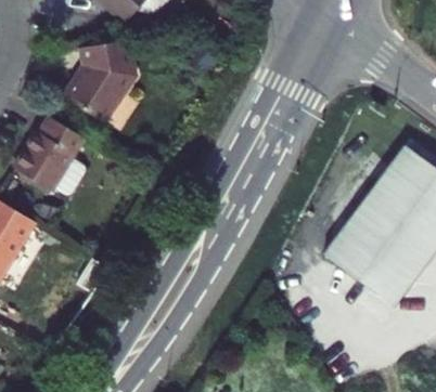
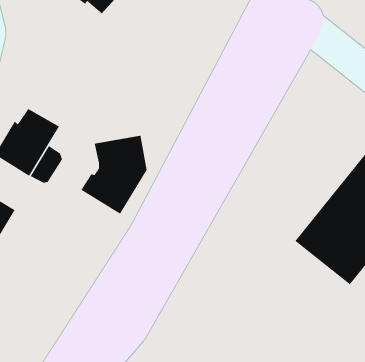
building: [59,39,129,122] -> [81,135,147,215]

